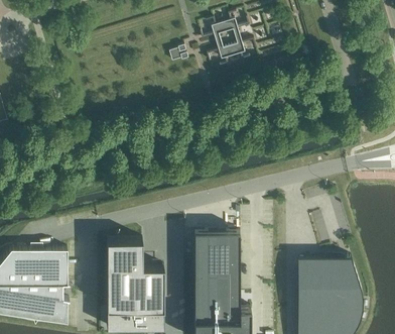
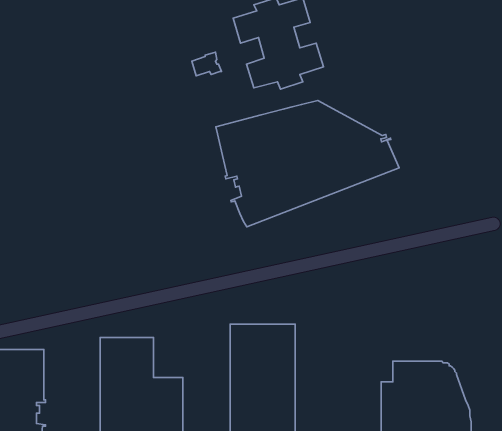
building: none -> [216,100,399,227]

